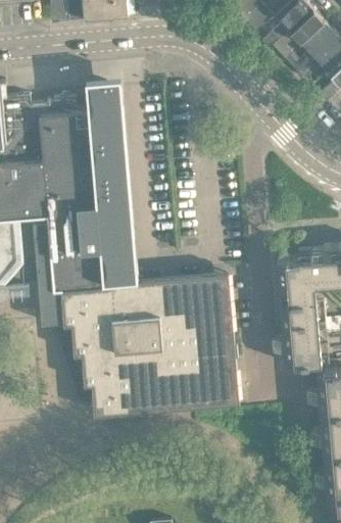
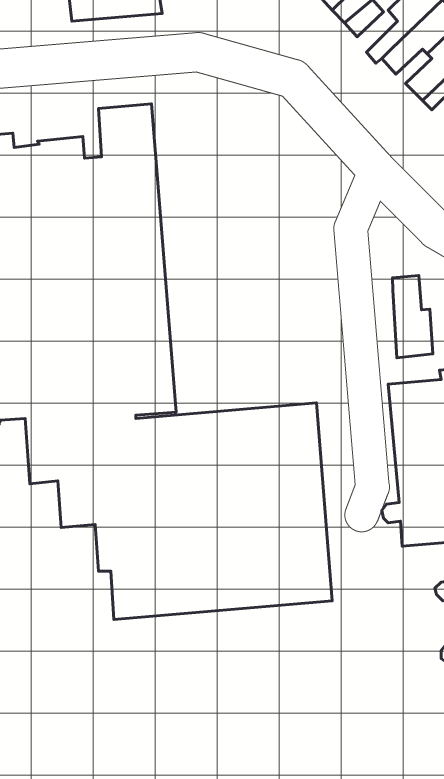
building: none -> [393,275,433,358]

